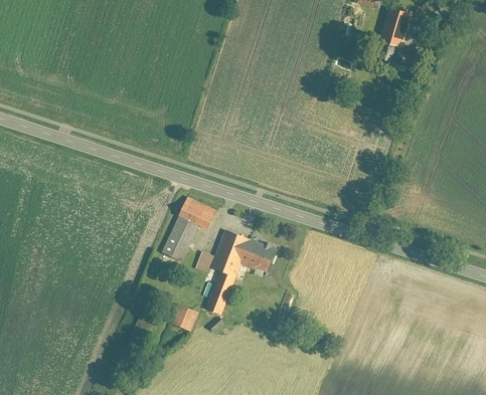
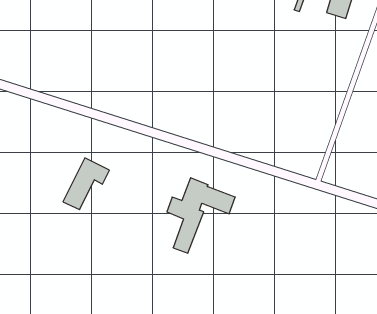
building: [162,200,215,259] -> [63,158,109,210]
building: [172,305,198,331] -> none

